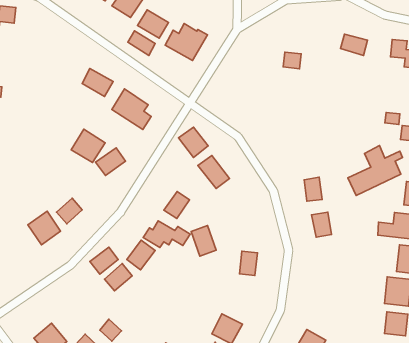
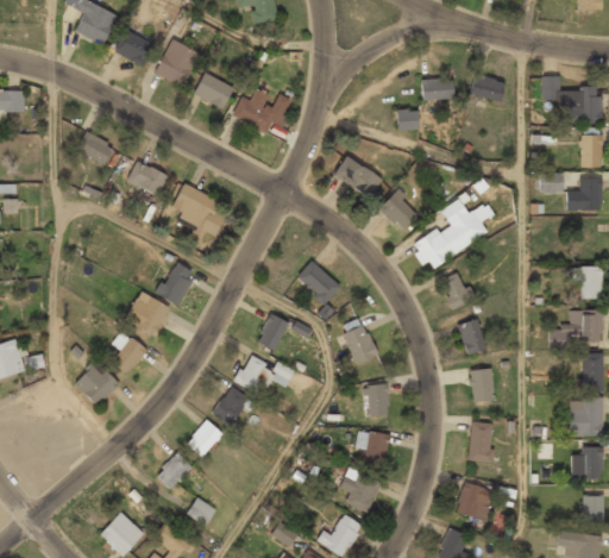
building: [128,31,155,55] -> none
building: none -> [421,80,454,99]
building: none -> [76,132,114,165]
building: none -> [334,155,383,198]
building: none -> [379,190,419,231]
building: [179,127,208,157] -> none
building: [71,129,105,163] -> [126,291,171,336]
building: [348,145,403,196] -> [420,199,491,270]
building: [191,225,216,256] -> [341,322,378,365]
building: [90,247,118,274] -> [155,452,193,490]
building: none -> [470,369,495,403]
building: none -> [359,433,390,465]
building: none -> [470,424,494,463]

